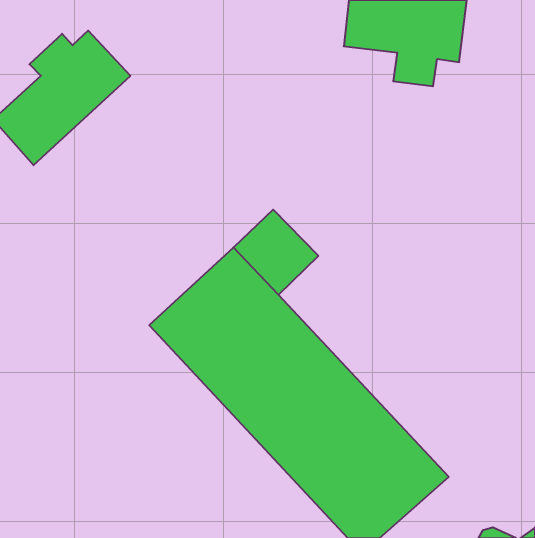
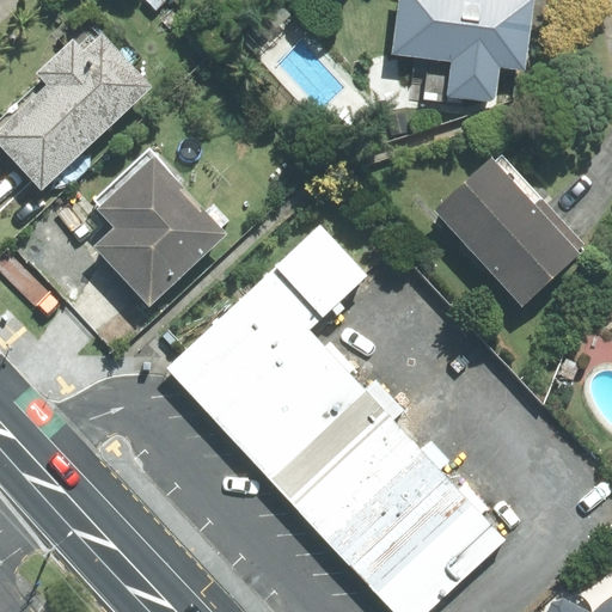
building: none -> [93,152,224,304]
building: none -> [432,155,585,306]

